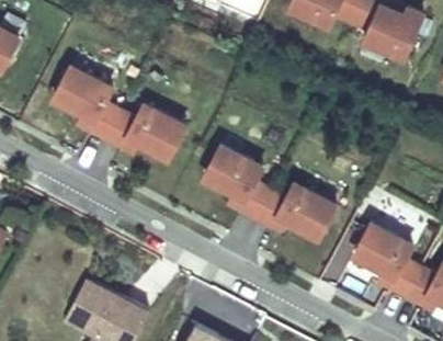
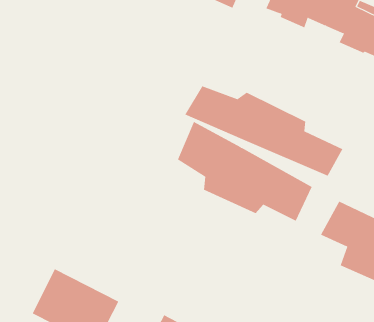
building: [53,60,190,155] -> none
building: none -> [184,85,343,177]

